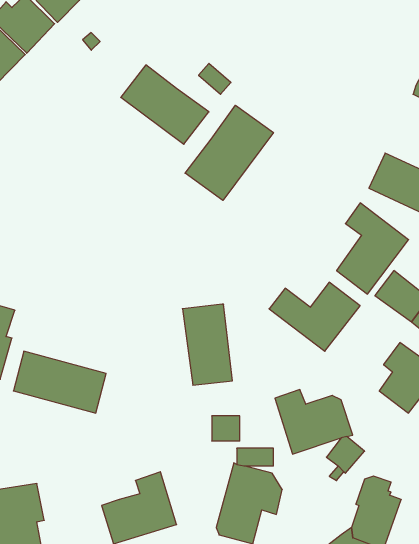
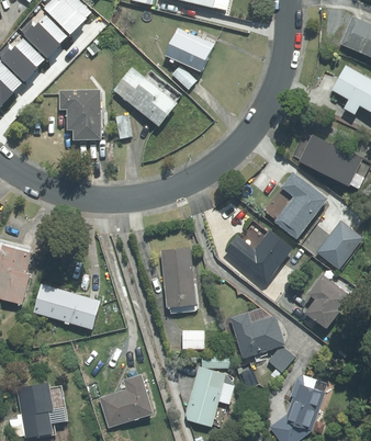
building: none -> [166,30,214,71]
building: none -> [58,90,103,140]
building: [185,105,273,200] -> none

